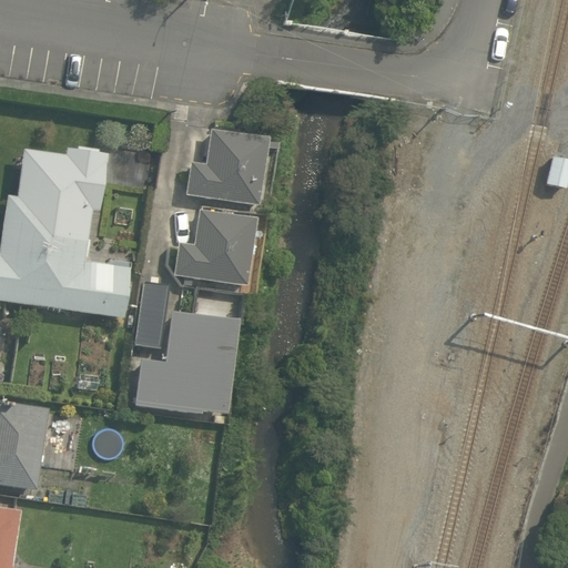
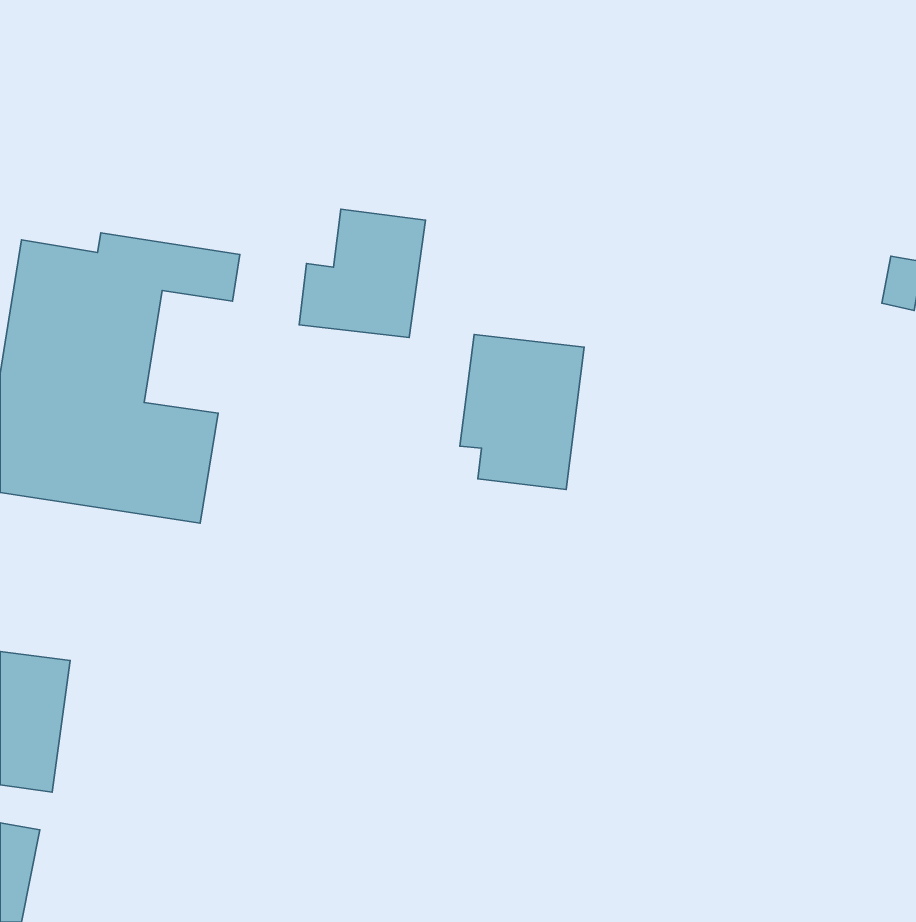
building: [174,206,251,302] -> [460,334,584,490]
building: [132,280,237,417] -> none

